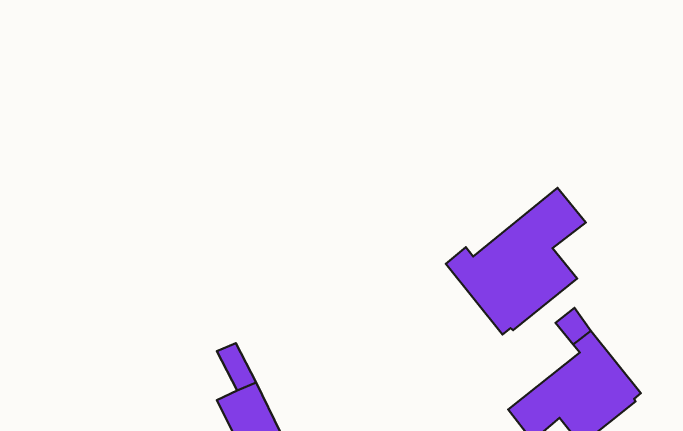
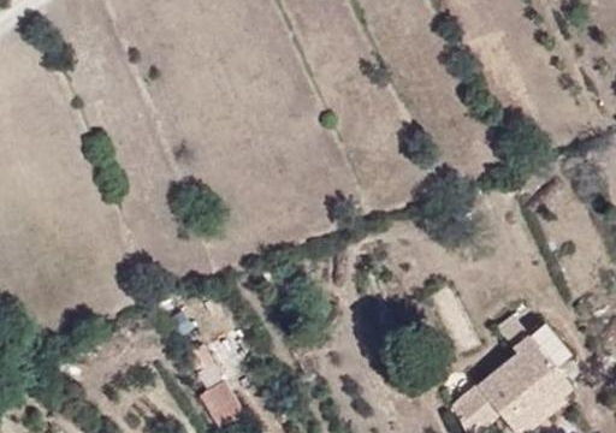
building: [446,188,586,335] -> none

